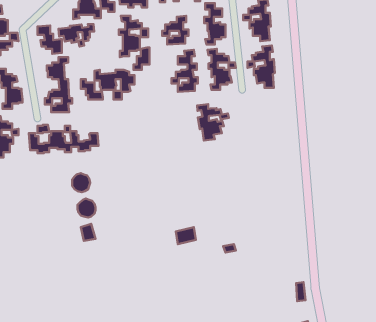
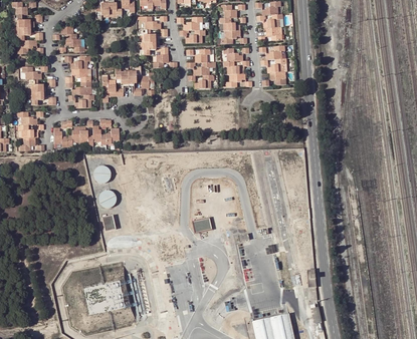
building: [58,24,94,46] -> none
building: [197,104,229,140] -> none

